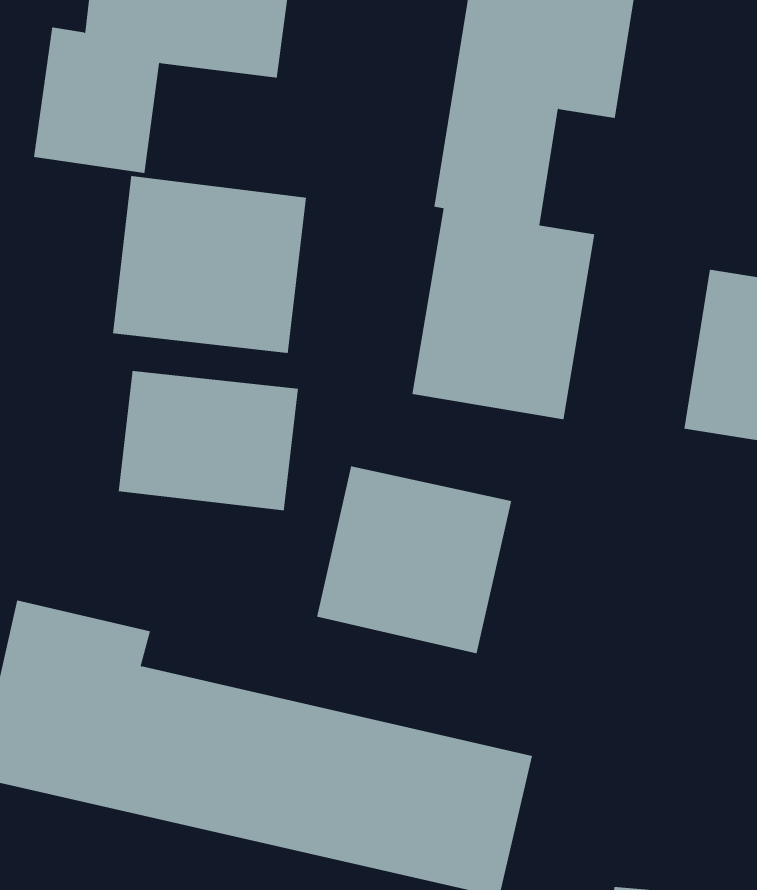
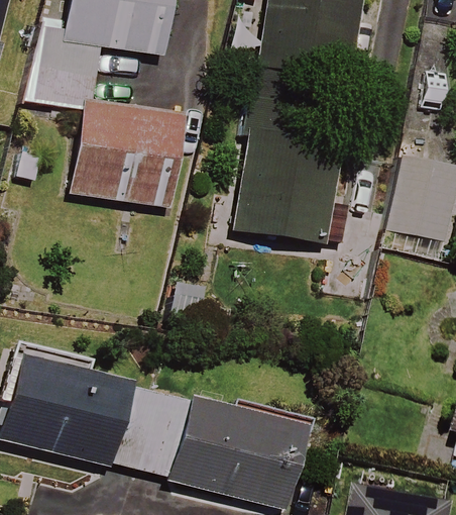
building: [118,370,299,511] -> none
building: [317,465,512,654] -> none

